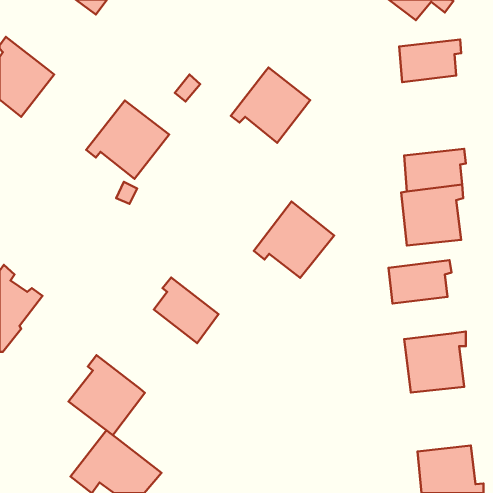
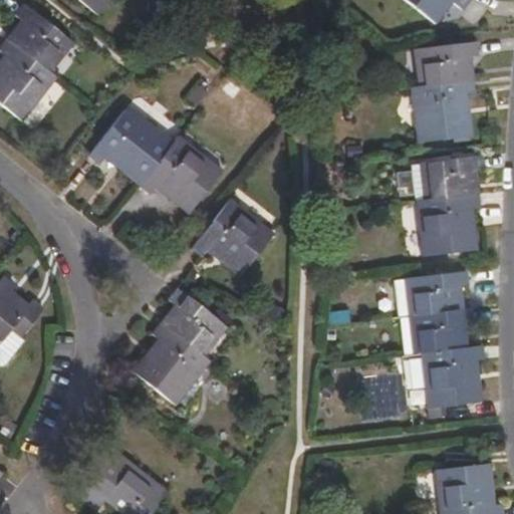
building: none -> [6,4,74,73]
building: [231,67,310,143] -> [140,136,222,214]
building: none -> [411,78,476,142]
building: [254,202,334,278] -> [192,197,275,276]
building: none -> [408,308,473,352]
building: [69,355,145,435] -> [131,321,210,405]

